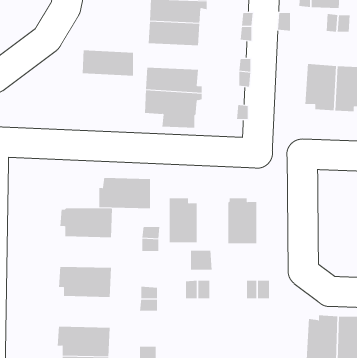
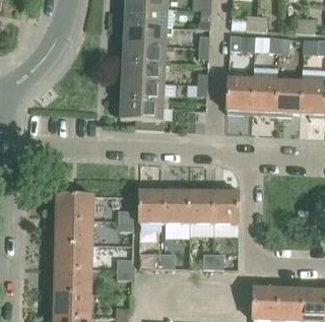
building: [82,50,134,76] -> [122,61,165,82]
building: none -> [225,76,253,114]
building: [98,178,151,209] -> [51,218,93,244]
building: none -> [212,187,238,224]
building: none -> [164,190,188,224]
building: none -> [50,267,92,293]

